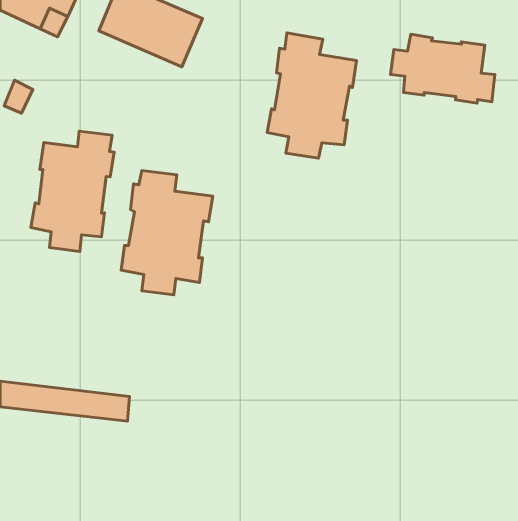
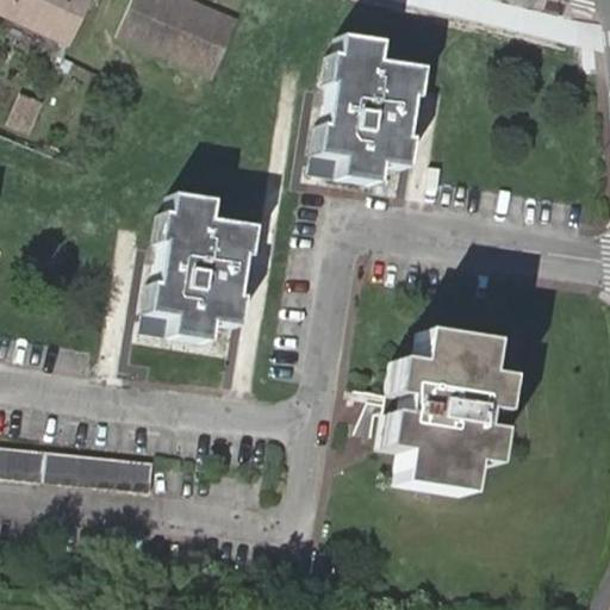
building: [390,34,495,103] -> none
building: [31,131,114,252] -> none
building: none -> [382,332,506,494]

